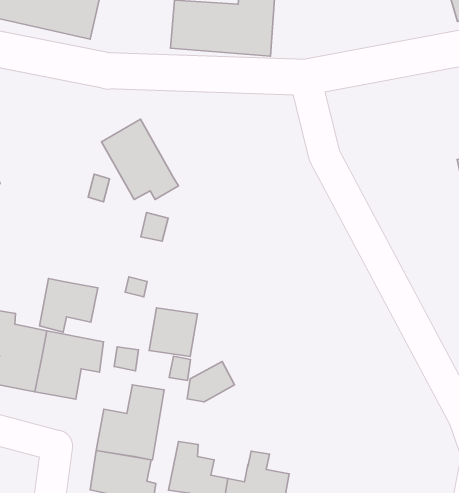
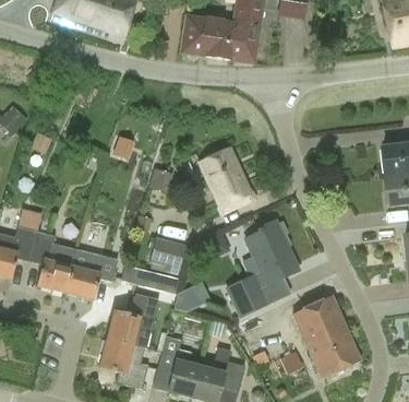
building: [101,119,178,199] -> [200,149,253,208]
building: none -> [228,221,299,316]
building: [39,278,98,332] -> none
building: none -> [291,295,361,379]

